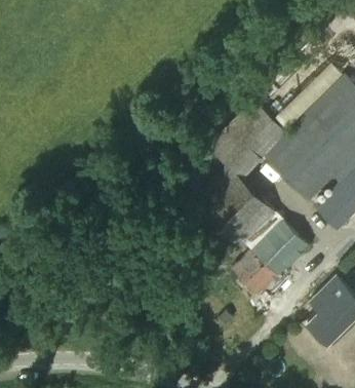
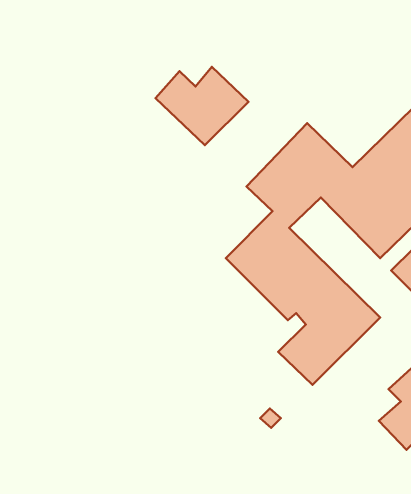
building: none -> [156,67,249,145]

